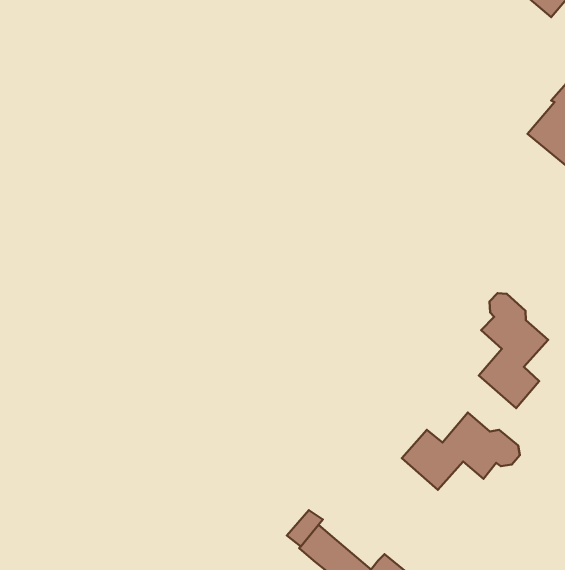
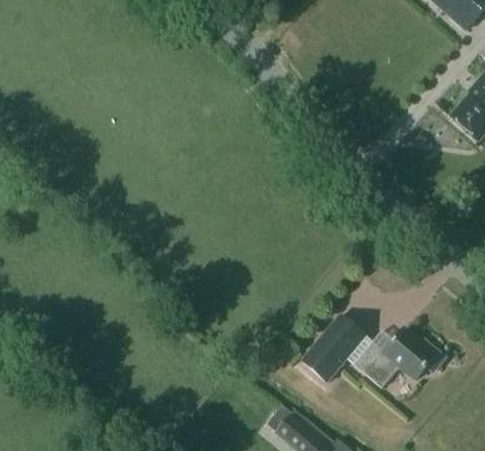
building: [479,293,548,408] -> none
building: none -> [301,316,365,383]

